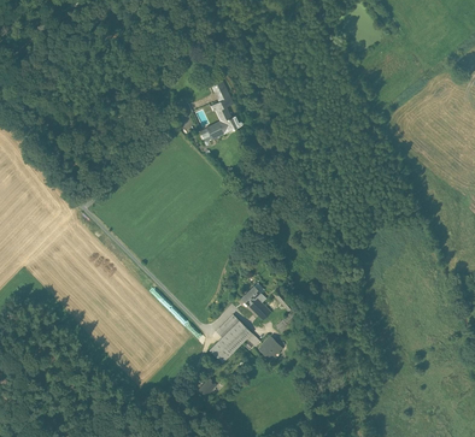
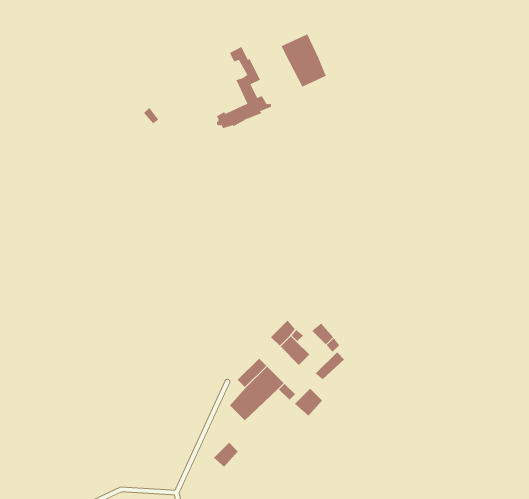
building: none -> [281,33,326,88]

